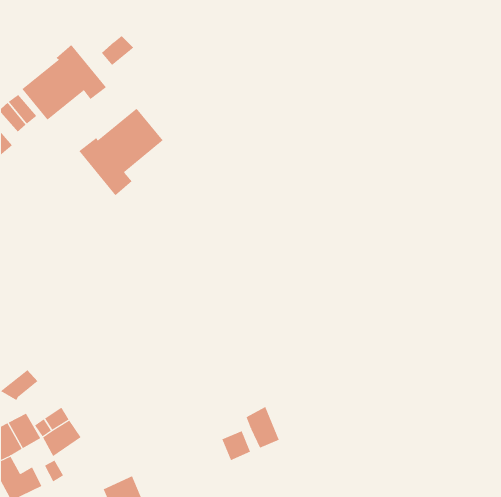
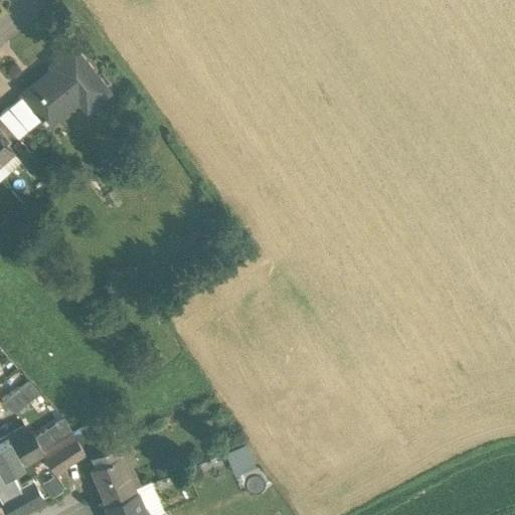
building: [101,35,134,66] -> none
building: [78,108,163,196] -> none
building: [246,406,279,449] -> none
building: none -> [90,447,136,506]

